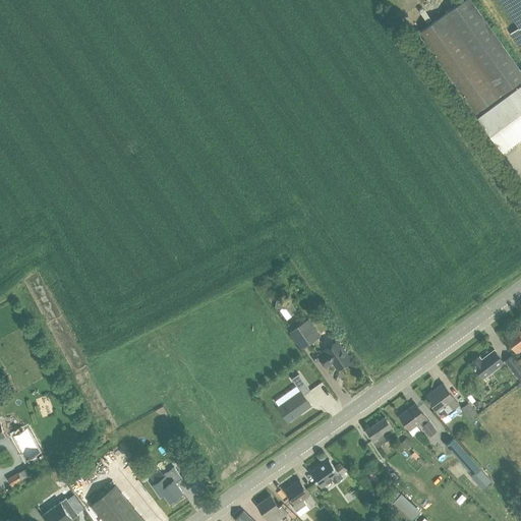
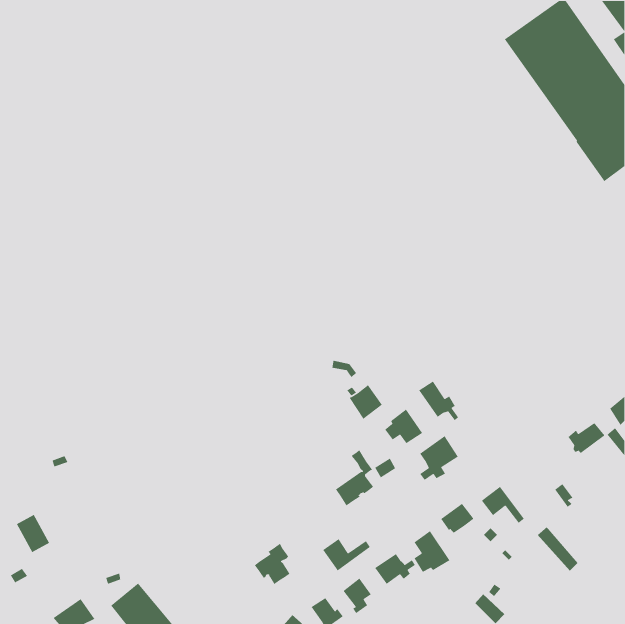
building: none -> [418,381,459,421]
building: none -> [419,435,459,481]
building: [426,385,459,411] -> none
building: none -> [413,530,451,573]
building: none -> [322,538,371,571]
building: [153,468,183,503] -> [254,543,290,585]

